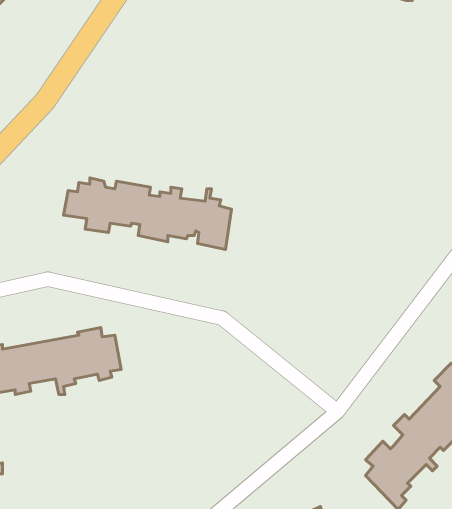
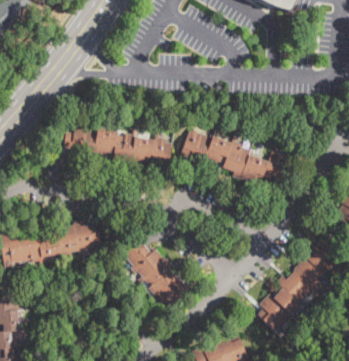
building: none -> [183,130,288,186]
building: none -> [125,241,190,308]

